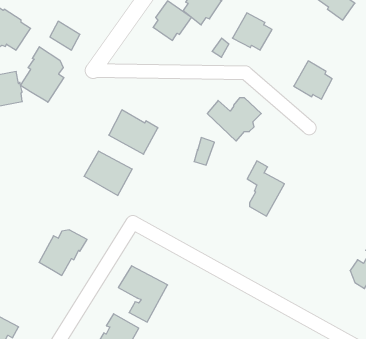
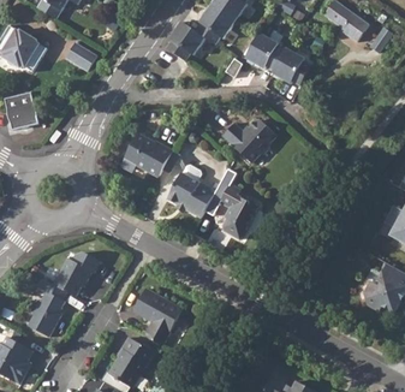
building: [21,47,64,102] -> none
building: [294,61,332,99] -> [273,48,311,87]
building: [84,151,132,195] -> [166,172,214,216]
building: [247,161,284,216] -> [219,183,256,238]
building: none -> [29,281,67,338]

